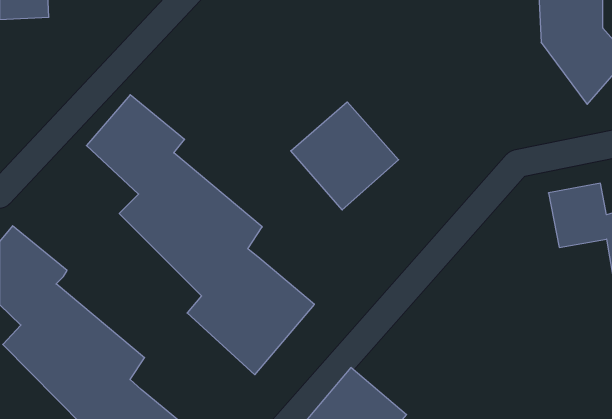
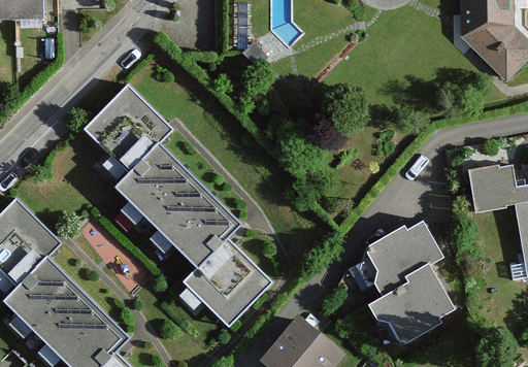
building: [291,102,399,210] -> none
building: none -> [362,215,455,345]

